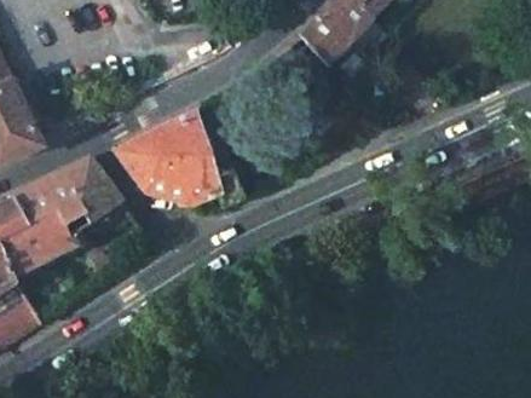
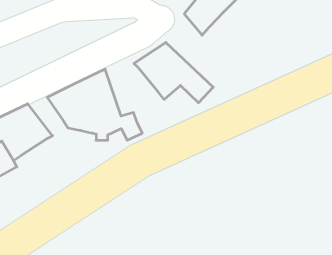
building: none -> [134,42,213,103]

